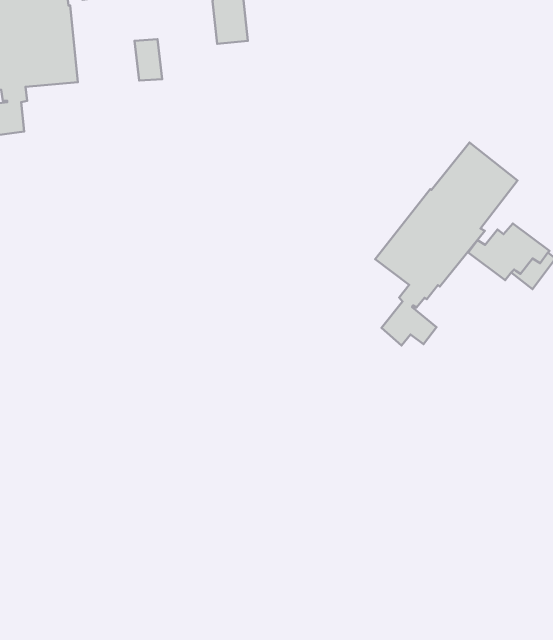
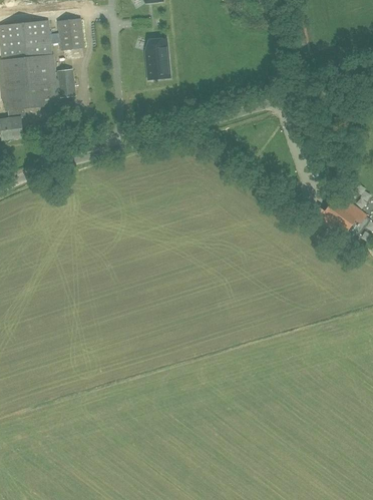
building: [134,39,162,81] -> [57,68,75,95]
building: [375,142,518,346] -> none

